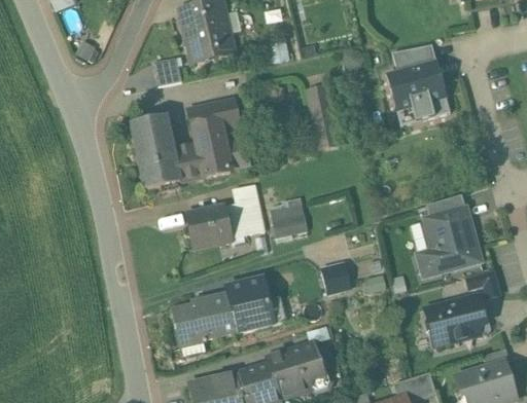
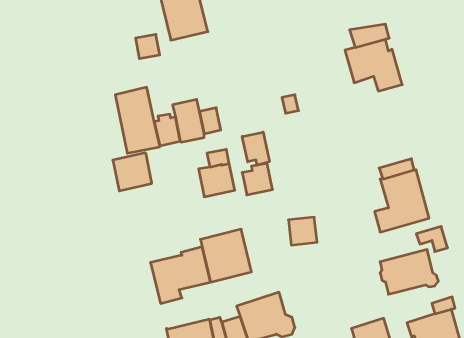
building: [189,98,239,135] -> none
building: none -> [242,132,269,165]
building: [187,205,231,247] -> [113,153,152,191]

